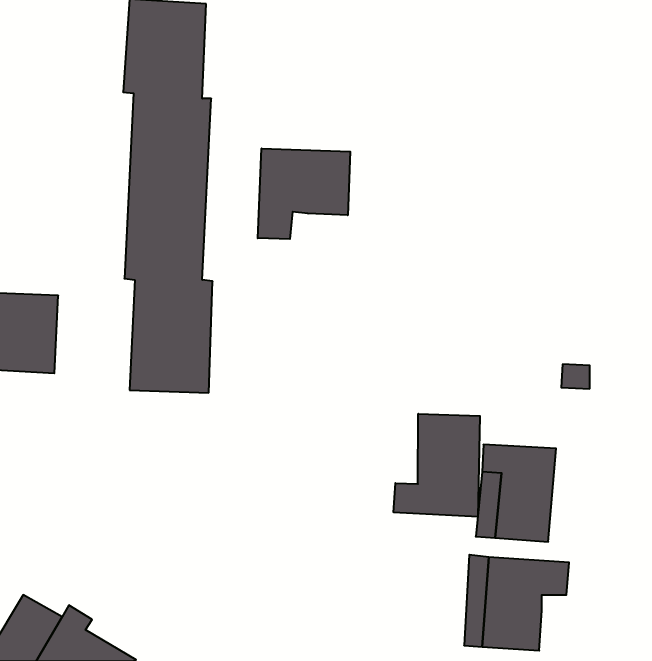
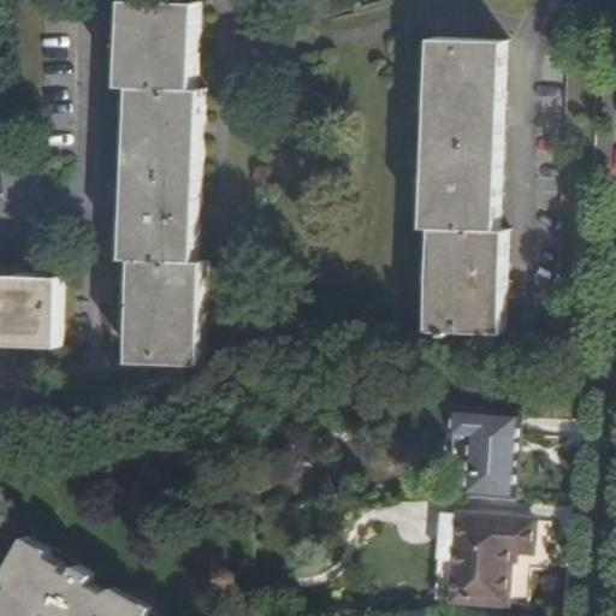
building: none -> [415,40,497,334]
building: [258,148,350,239] -> none
building: [394,414,480,517] -> none

